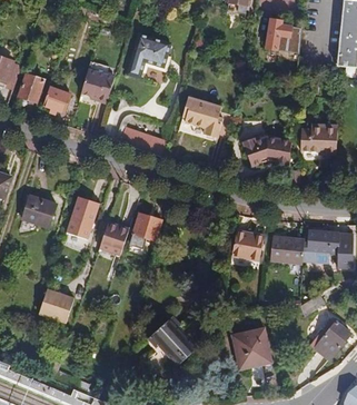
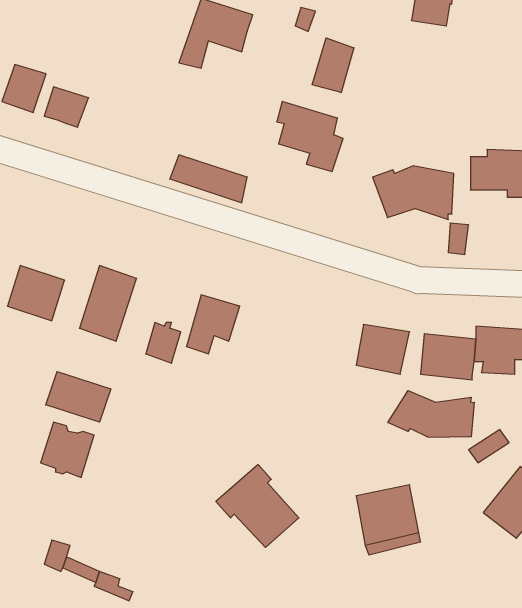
building: none -> [312,38,354,93]
building: [82,61,116,103] -> none
building: none -> [46,372,111,422]
building: none -> [388,391,474,437]

